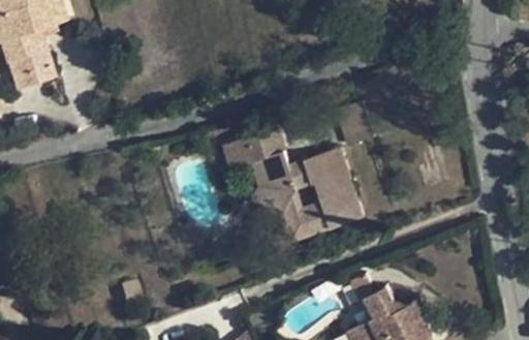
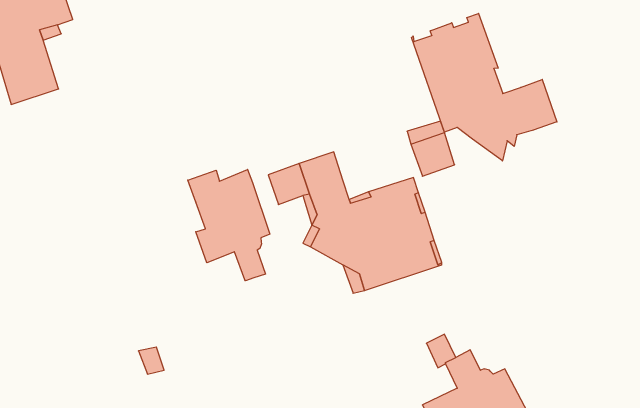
building: none -> [412,13,557,161]
building: none -> [188,169,270,281]

